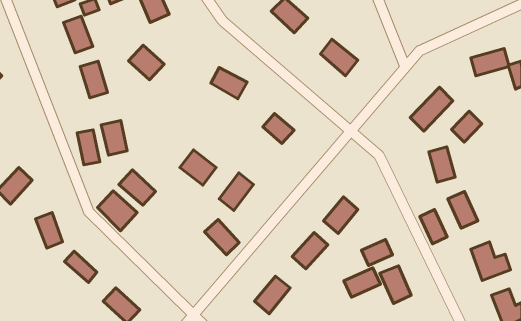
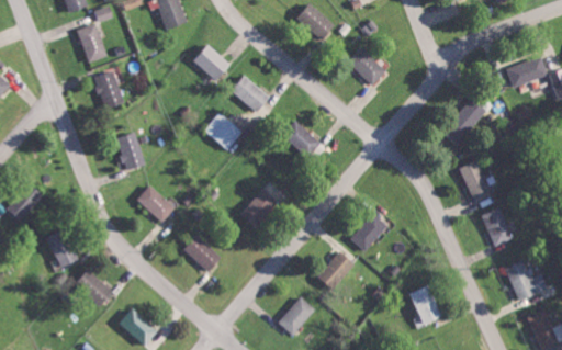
building: [129,45,164,80] -> [193,44,231,80]
building: [451,111,482,142] -> none
building: [77,130,100,165] -> none
building: [180,150,216,185] -> [203,112,241,149]
building: [97,191,137,231] -> none
building: [420,210,447,244] -> none
building: [205,219,239,255] -> [183,235,220,272]
building: [361,239,392,265] -> none
building: [344,268,381,297] -> none

